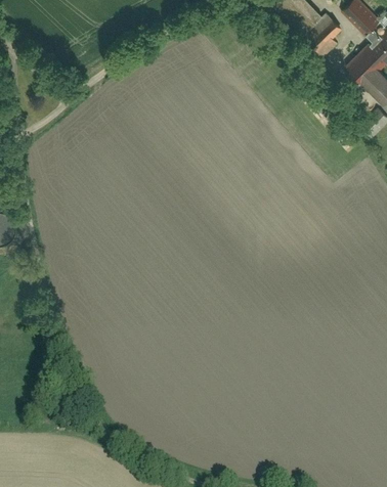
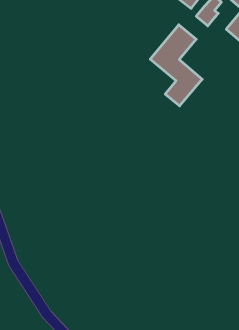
building: none -> [150,25,202,106]

